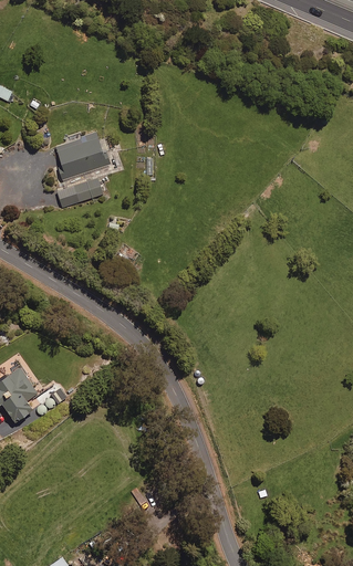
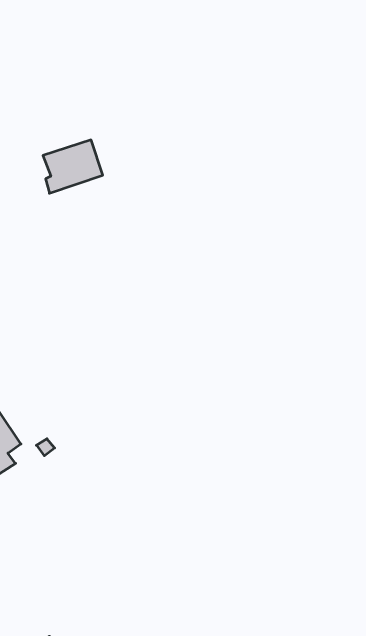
building: [58,177,104,206] -> none

